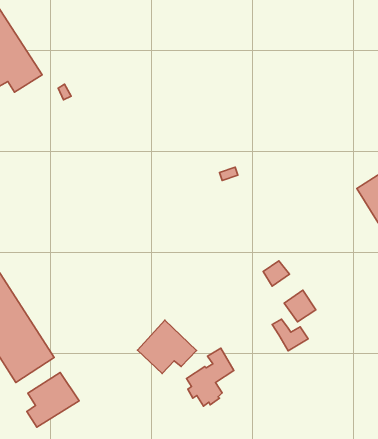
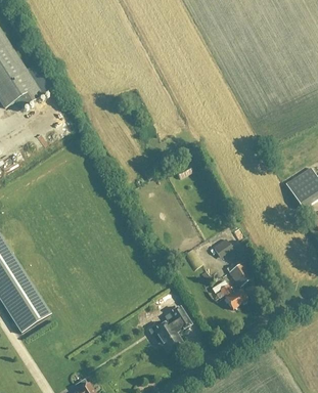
building: [137,320,197,373] -> none
building: [27,373,79,427] -> none

